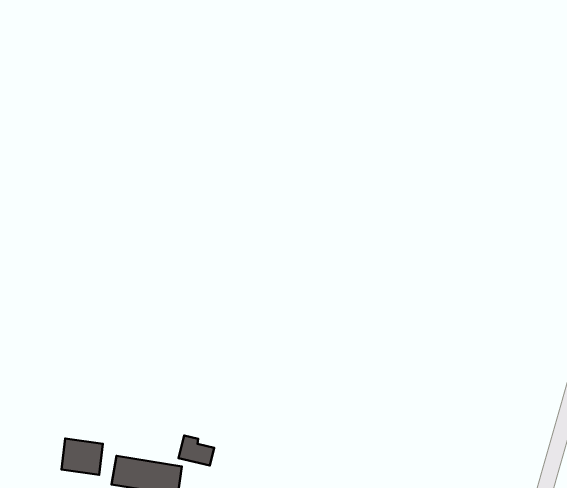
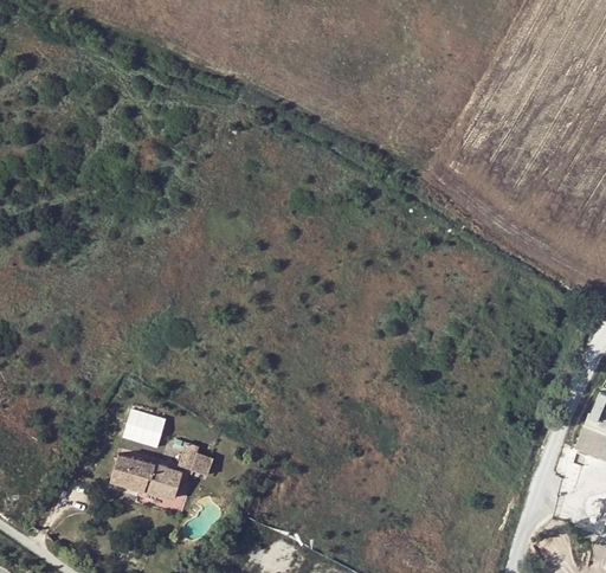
building: [62,438,103,475] -> [130,410,173,449]

